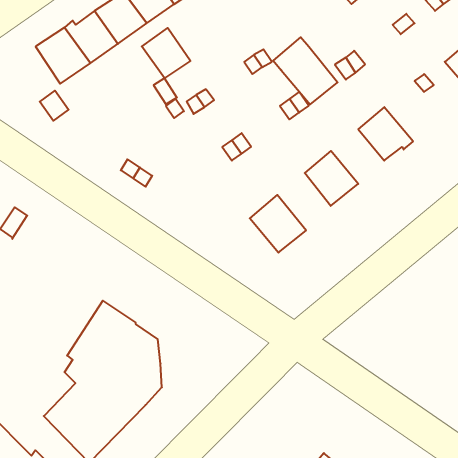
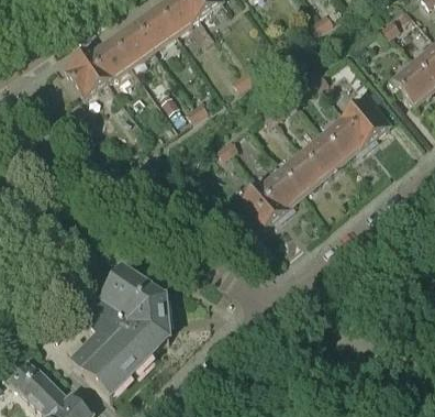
building: [142,28,190,78] -> none
building: [273,37,338,104] -> [337,88,389,142]
building: none -> [301,132,344,176]
building: none -> [258,167,301,213]

